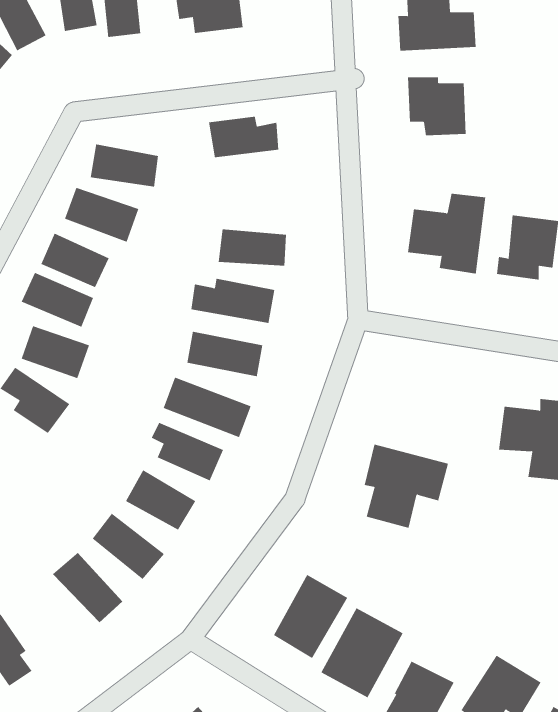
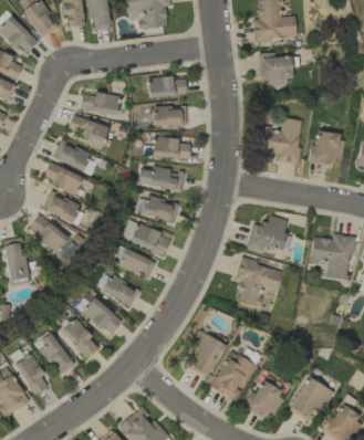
building: none -> [153,106,187,126]
building: none -> [247,216,289,252]
building: none -> [41,332,73,376]

